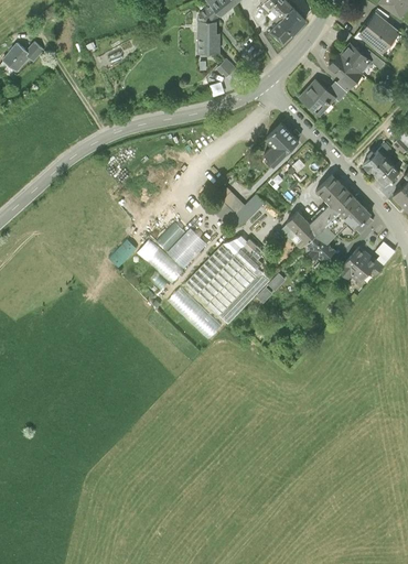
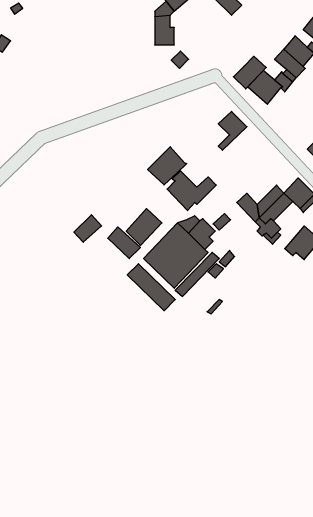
building: [270,9,305,44] -> [233,56,266,89]
building: none -> [148,147,187,185]
building: [316,174,353,212] -> none

